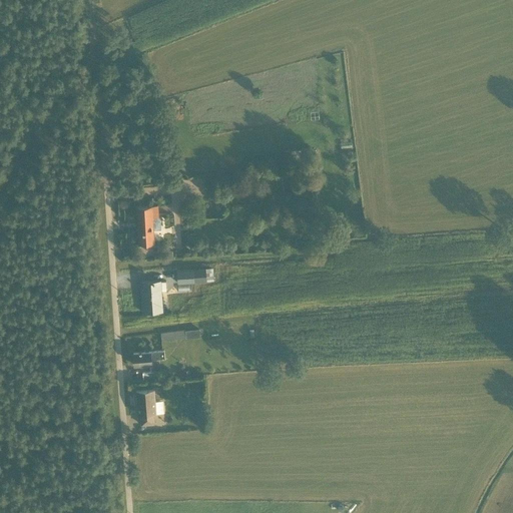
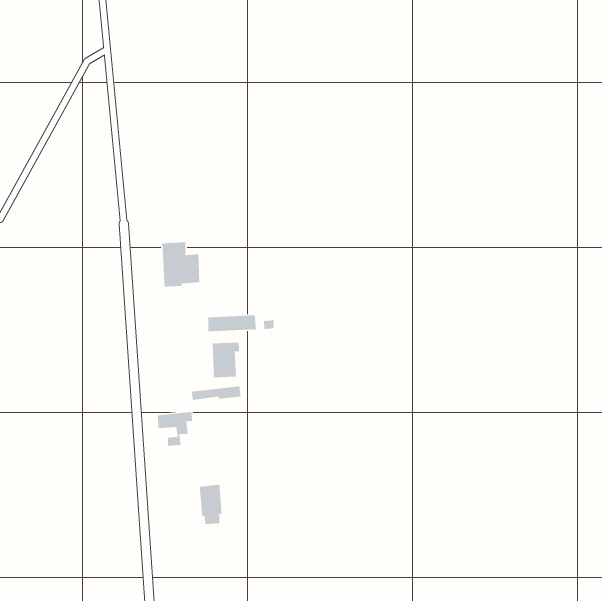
building: [141,283,165,314] -> [212,342,240,378]
building: [136,391,156,426] -> [199,484,223,525]

